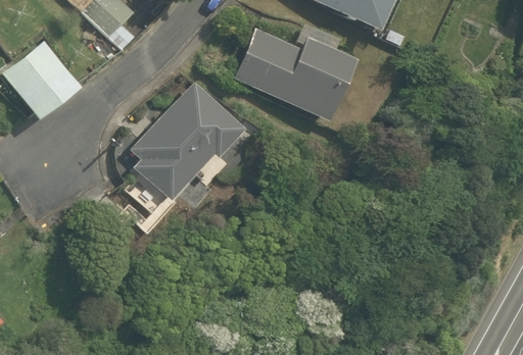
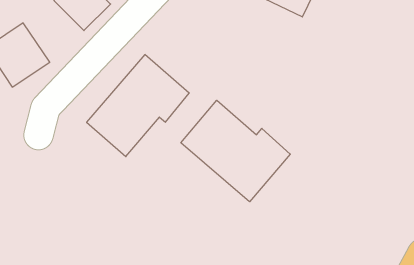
building: [234,24,358,117] -> none
building: none -> [181,100,290,202]

